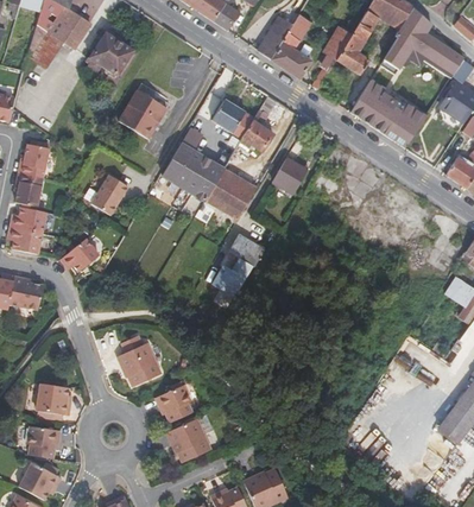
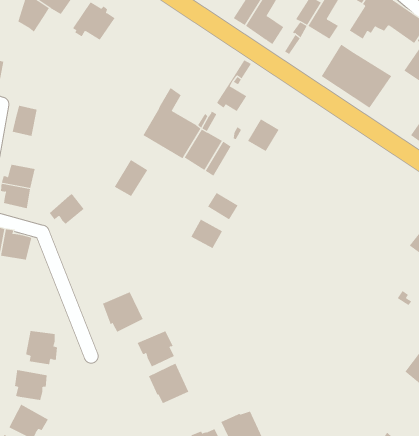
building: [118,89,168,139] -> none
building: [213,100,254,138] -> none
building: [15,172,43,207] -> none
building: [90,173,127,214] -> [114,159,148,197]

